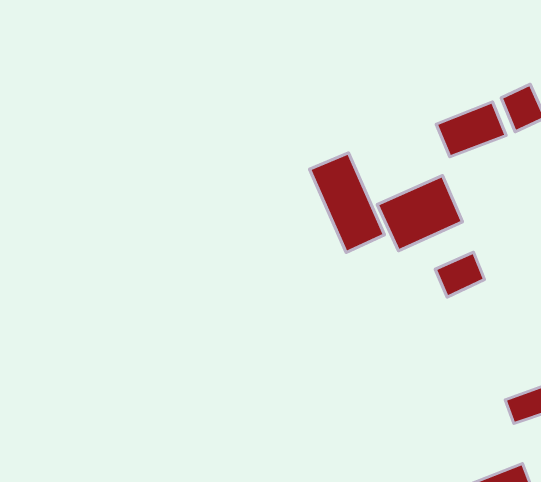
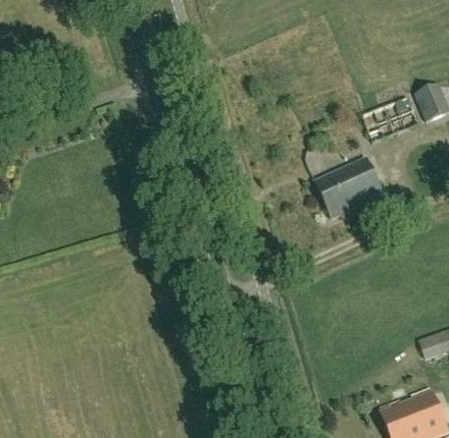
building: [309,153,384,252] -> none
building: [435,252,484,297] -> none

